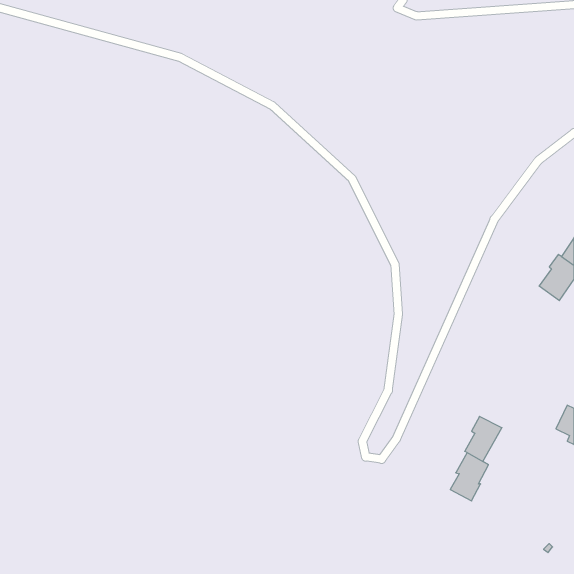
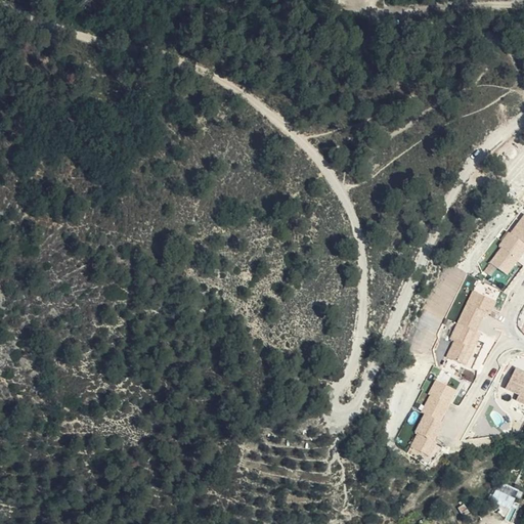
building: none -> [448,291,495,363]

